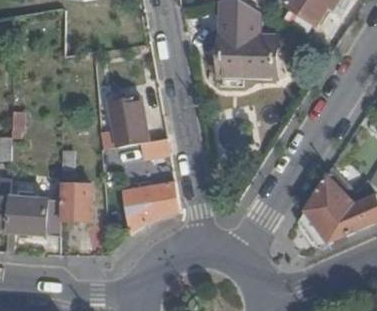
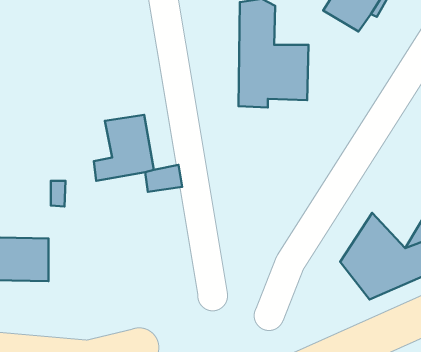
building: [123,180,181,232] -> none
building: [62,183,93,219] -> none

